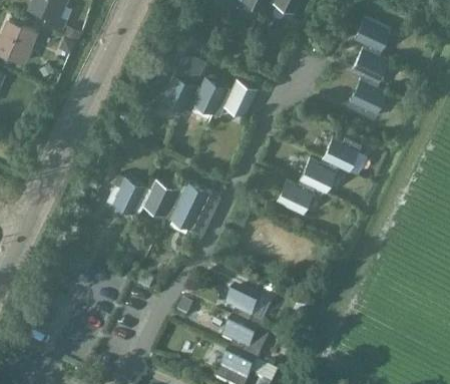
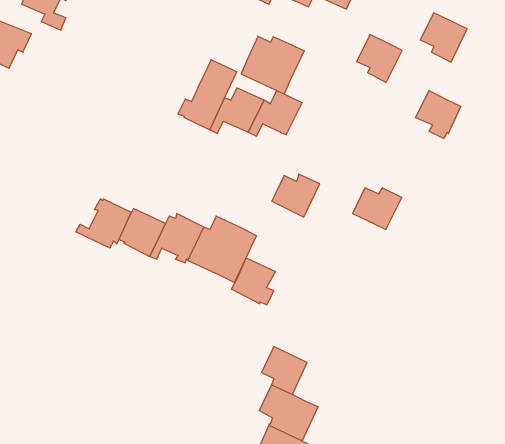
building: none -> [241,36,304,94]
building: [351,48,388,87] -> [357,34,402,82]
building: [322,136,360,171] -> none
building: none -> [76,199,131,248]
building: [276,179,315,215] -> [272,174,320,217]
building: none -> [231,258,275,305]

